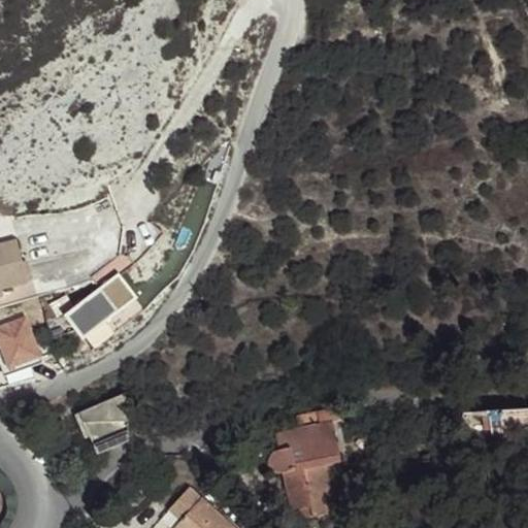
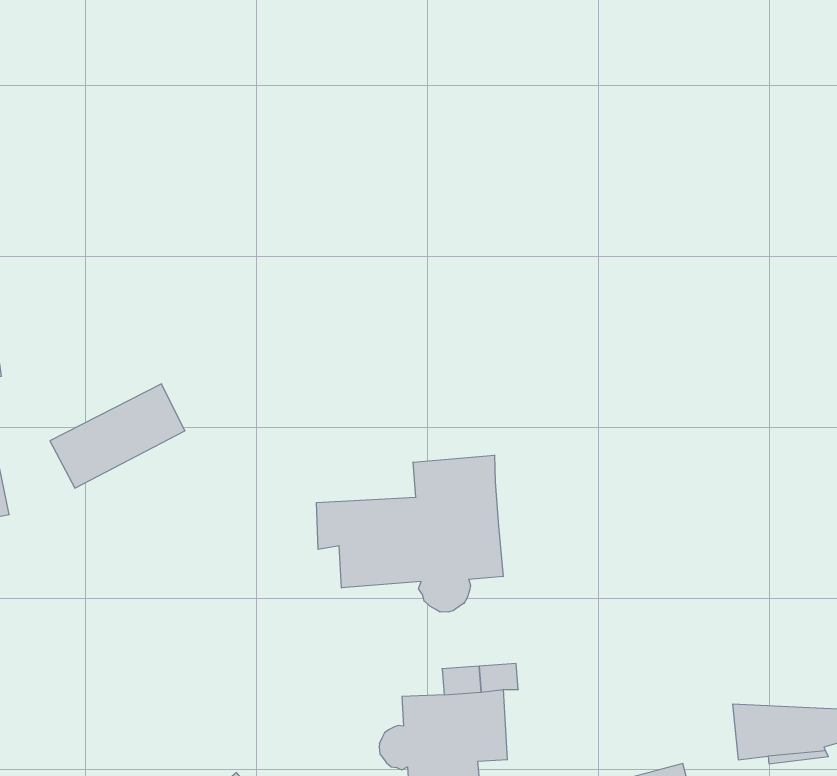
building: none -> [316,455,503,612]
building: [74,393,129,455] -> none

